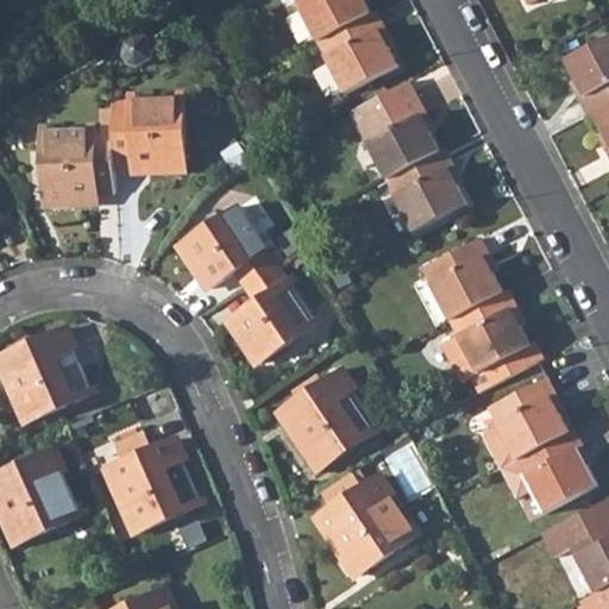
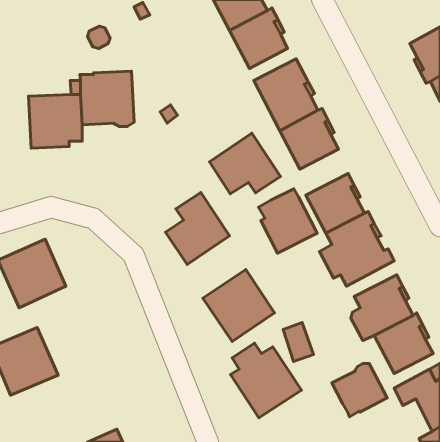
building: [178,205,276,288] -> [210,133,281,194]
building: none -> [259,189,317,253]
building: [106,431,199,533] -> none
building: none -> [332,363,387,417]

